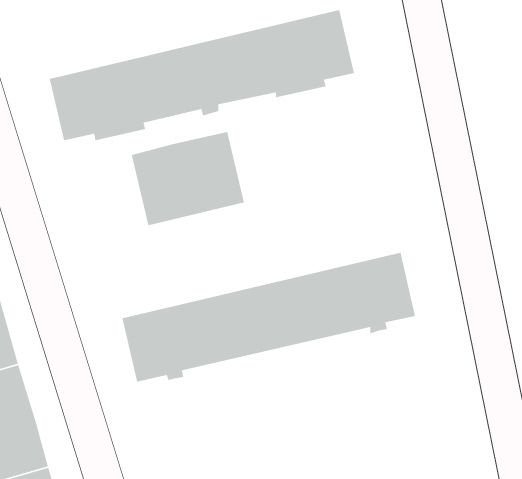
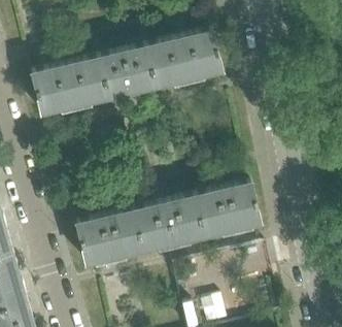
building: [131,131,245,226] -> none

